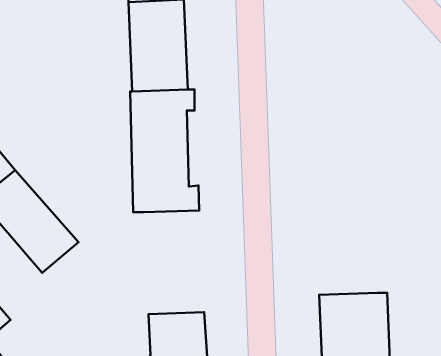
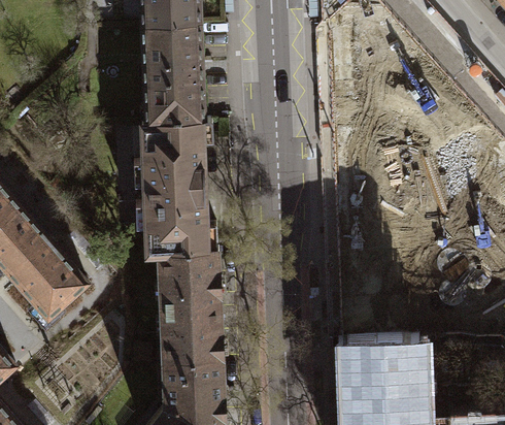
building: none -> [157,252,222,363]

